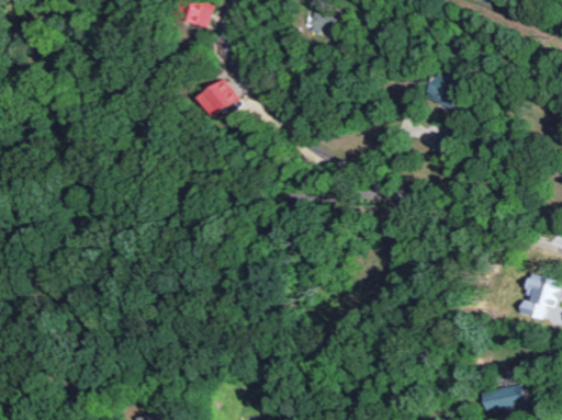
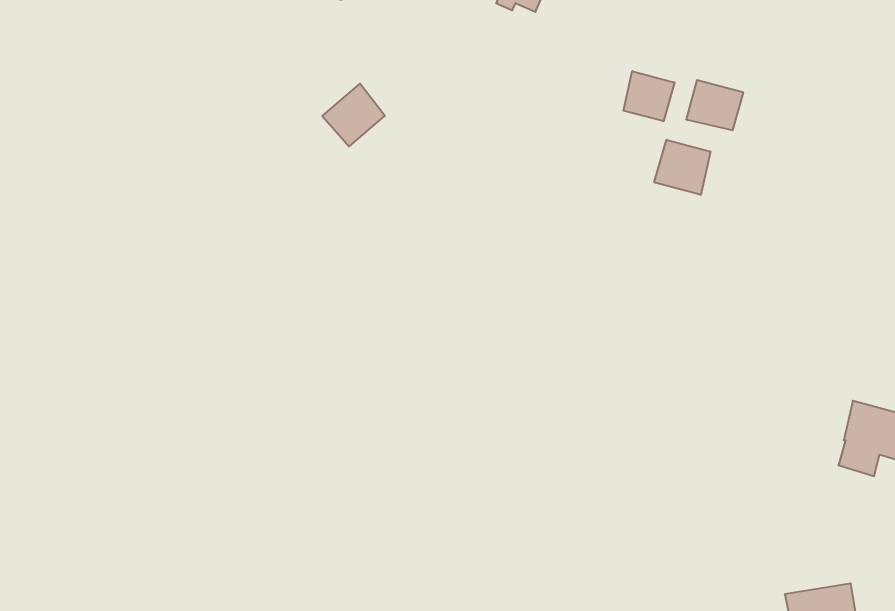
building: none -> [623,71,675,121]
building: none -> [654,140,710,195]

